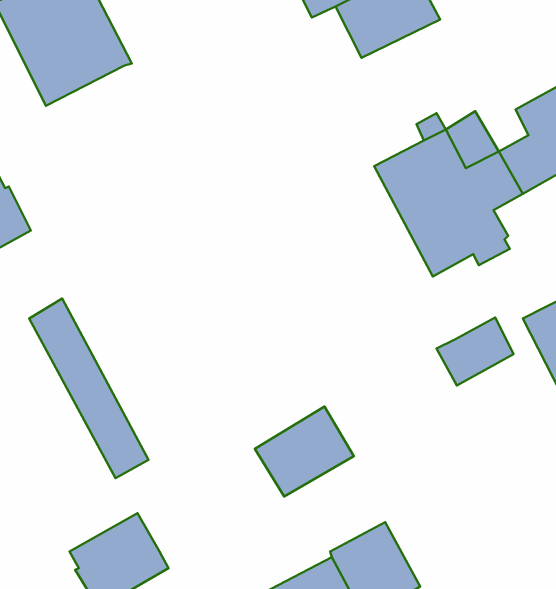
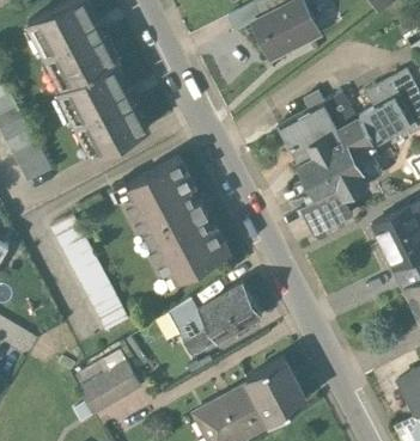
building: none -> [60,62,148,158]
building: none -> [123,159,226,281]
building: [437,317,514,385] -> [303,185,353,229]
building: none -> [168,300,218,357]

